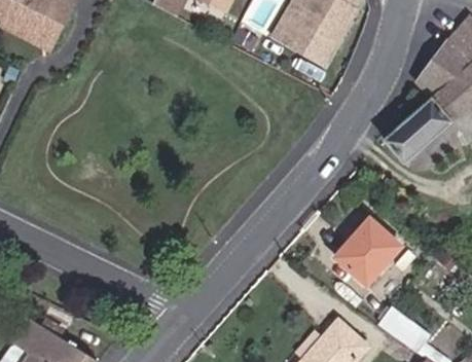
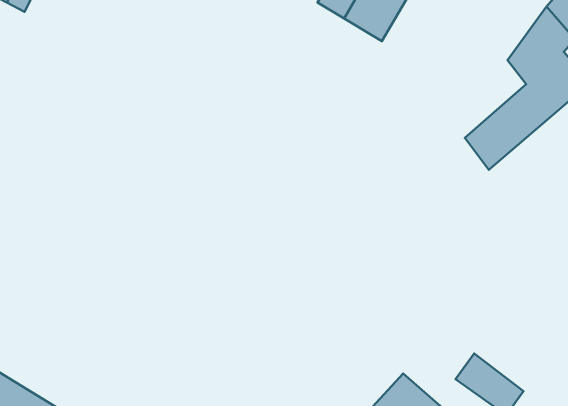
building: [336,216,404,286] -> none

